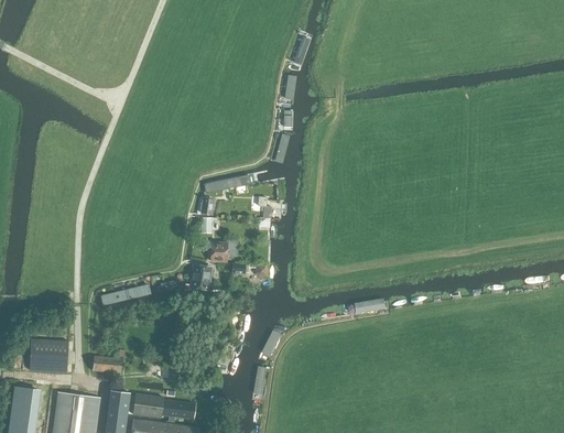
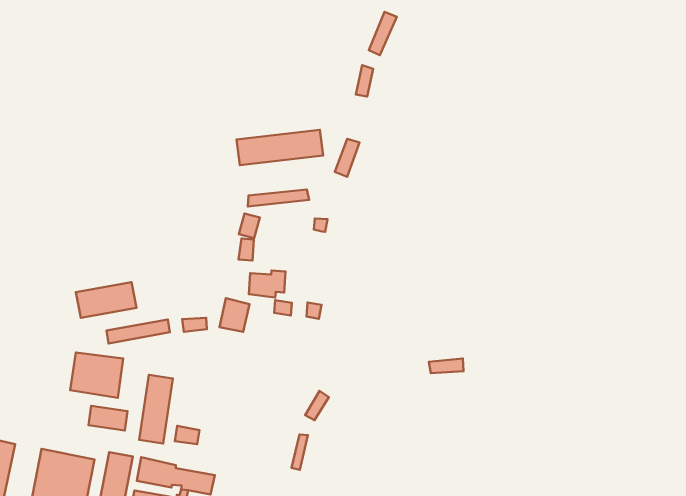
building: none -> [237,130,323,165]
building: none -> [76,282,137,318]
building: none -> [139,375,173,444]
building: [29,339,68,372] -> [70,352,123,398]

